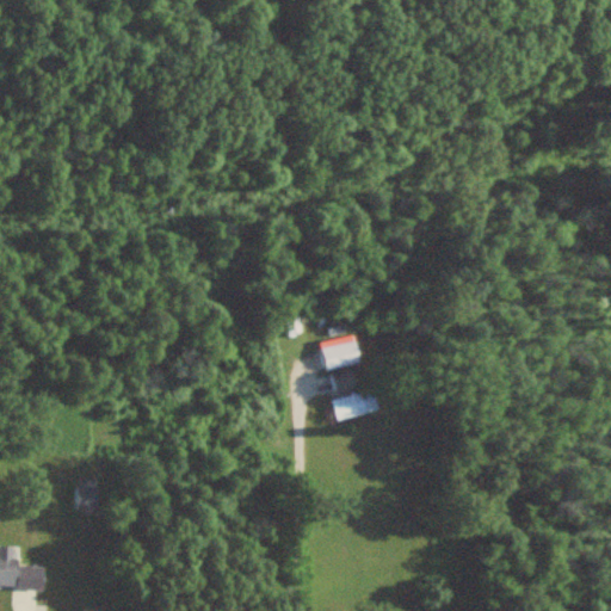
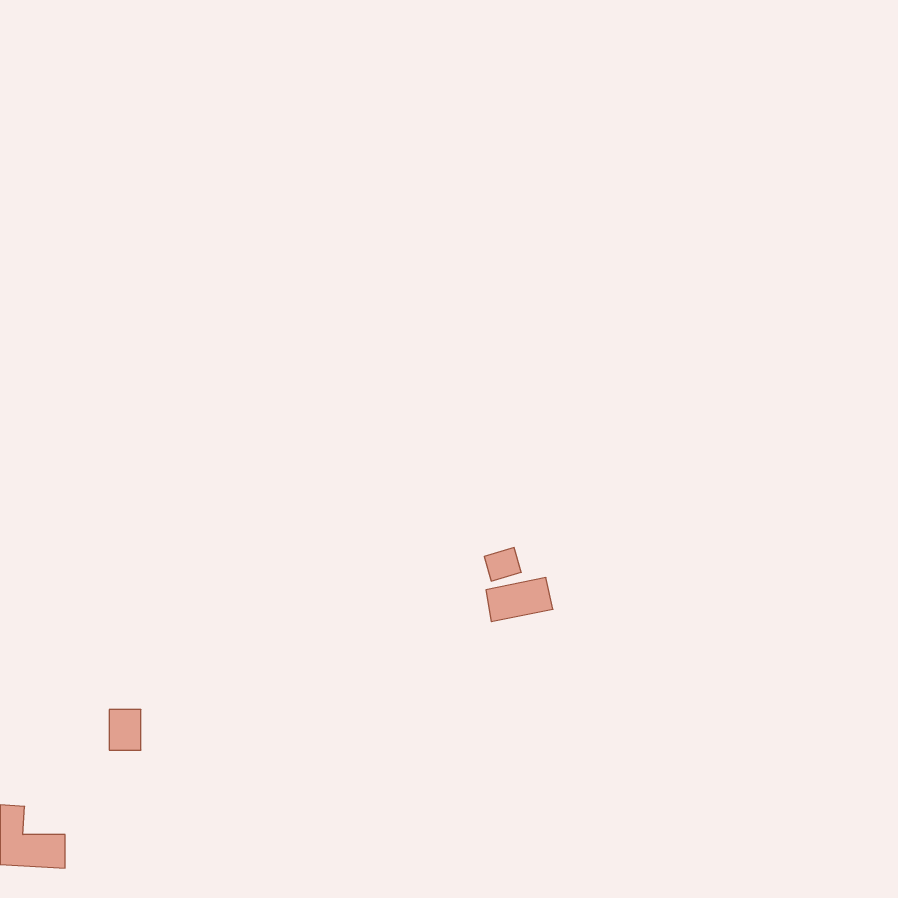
building: [317,341,358,372] -> none

